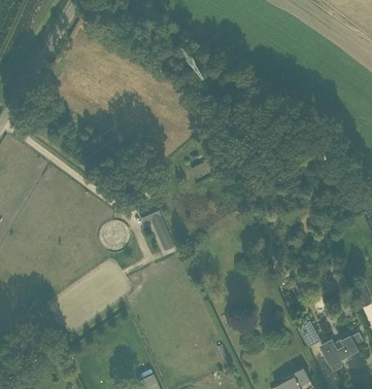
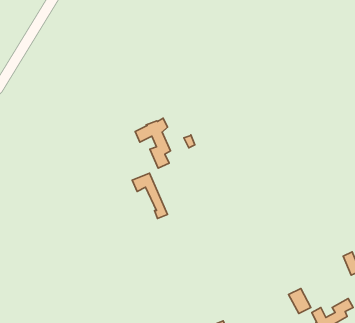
building: none -> [135,118,170,168]

